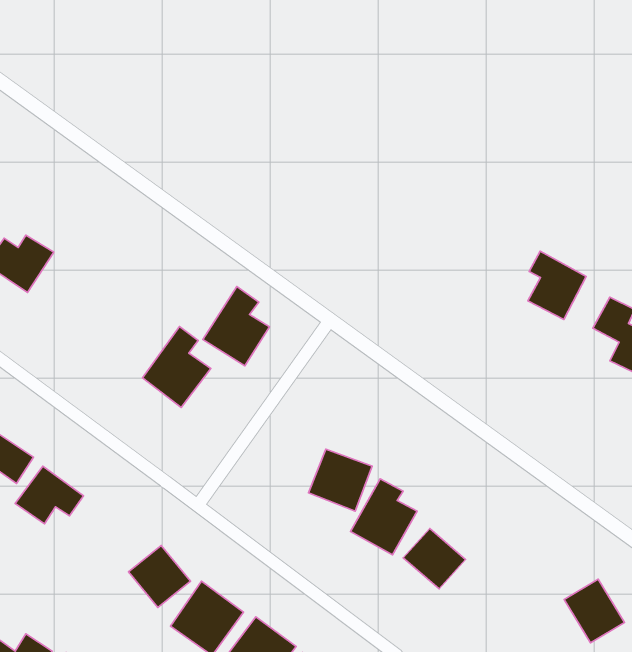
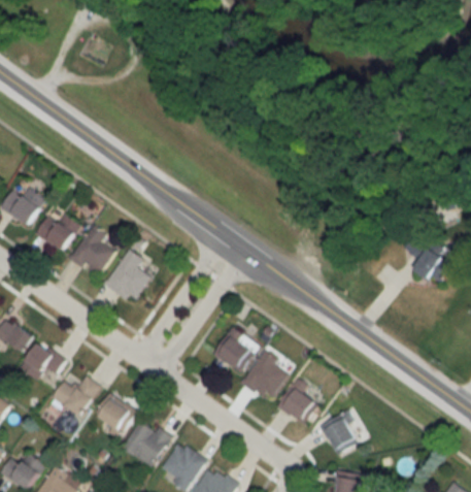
building: [528,251,586,320] -> none
building: none -> [37,212,81,251]
building: [203,287,270,366] -> [69,224,113,276]
building: none -> [51,375,99,417]
building: [564,579,625,643] -> [319,413,360,455]

